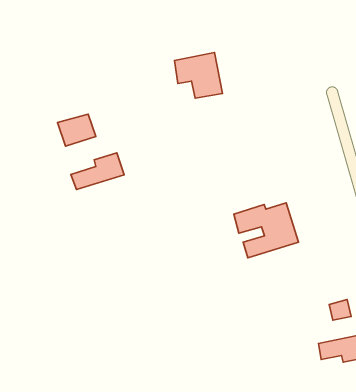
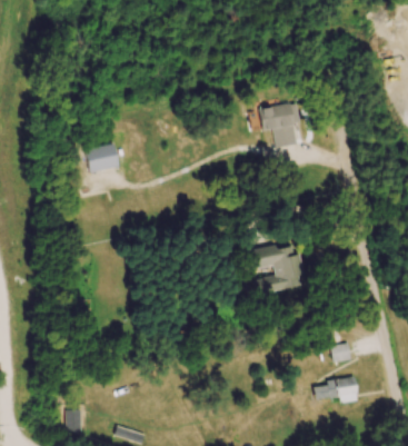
building: [175,53,222,98] -> [259,103,302,146]
building: [71,153,124,190] -> none

